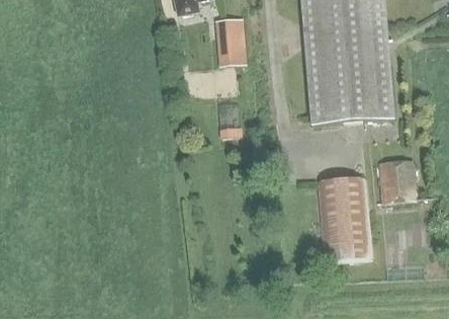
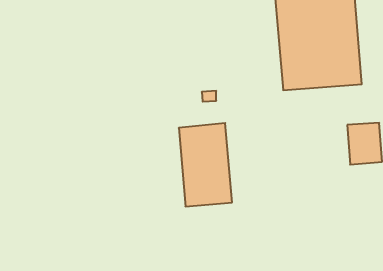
building: [215,34,245,64] -> none
building: [316,174,371,261] -> [179,123,232,206]

